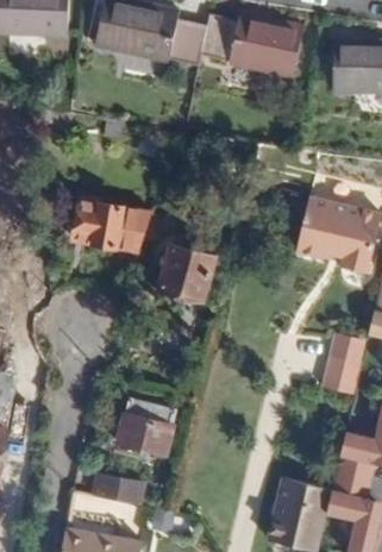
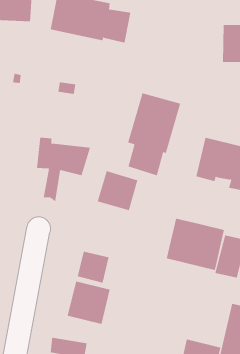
building: [200,12,305,77] -> none
building: none -> [128,92,181,176]
building: none -> [166,218,225,271]
building: none -> [77,251,109,283]

